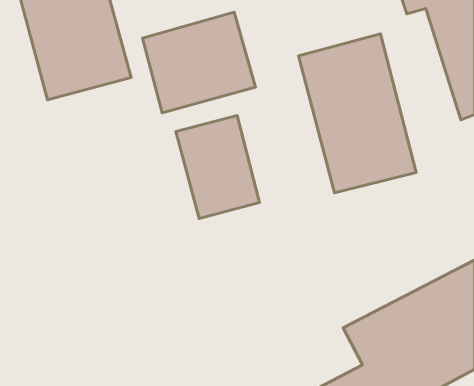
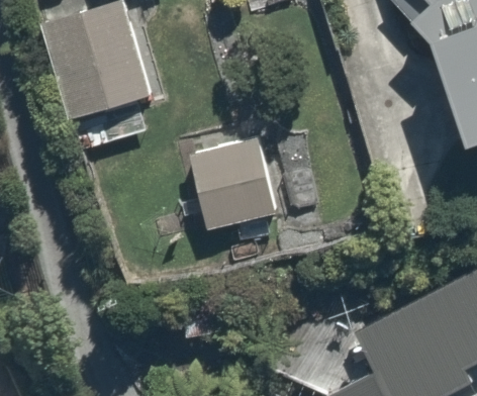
building: [142,12,255,113] -> none
building: [298,34,416,193] -> none

